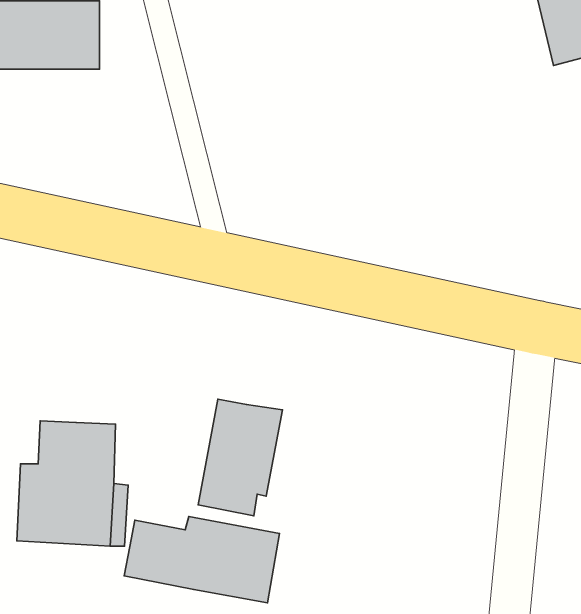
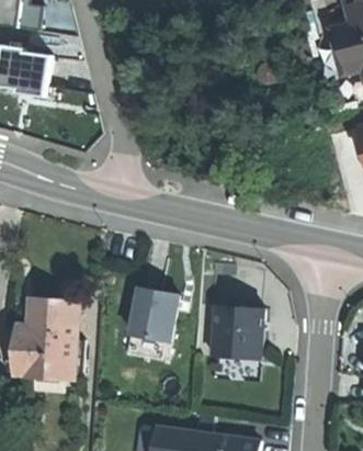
building: none -> [211,306,259,358]
building: [124,517,279,603] -> none

